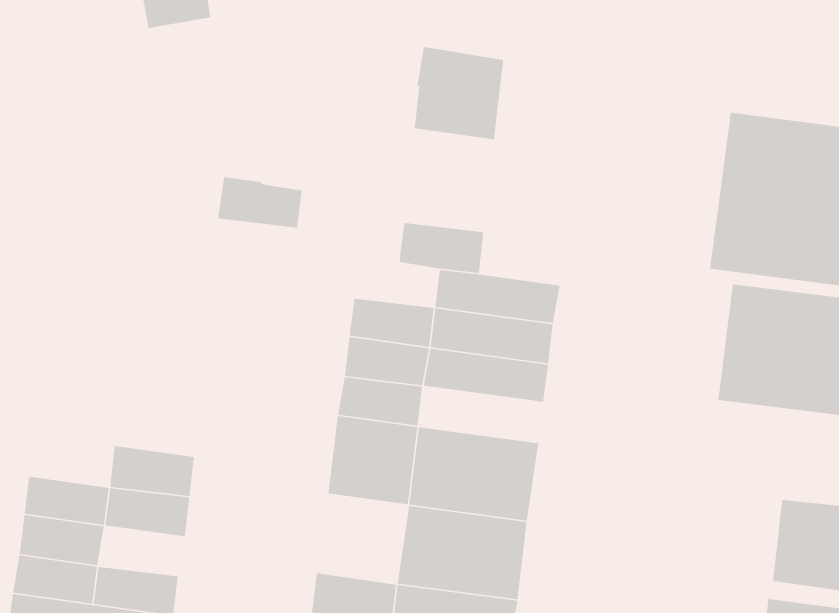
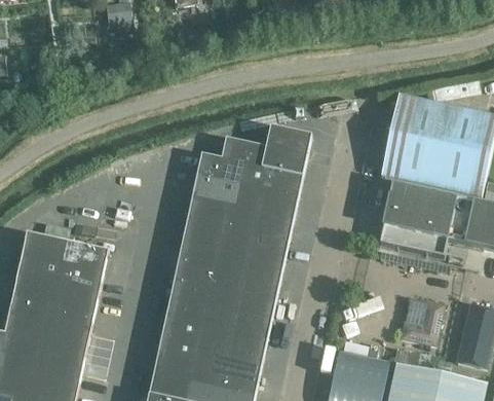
building: [414,46,504,140] -> [261,129,310,180]
building: [217,177,303,228] -> [195,156,240,186]
building: none -> [223,226,289,260]
building: none -> [21,234,66,265]
building: none -> [164,278,215,327]
building: none -> [52,285,99,314]

